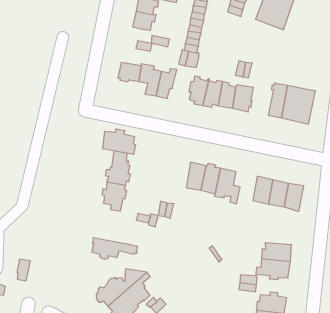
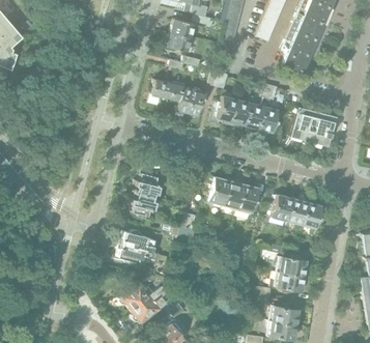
building: none -> [283,46,311,73]
building: [103,129,136,154] -> none
building: none -> [121,230,156,252]

